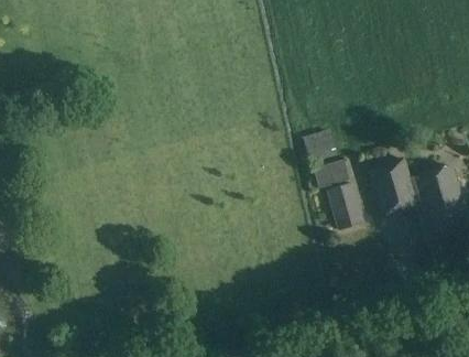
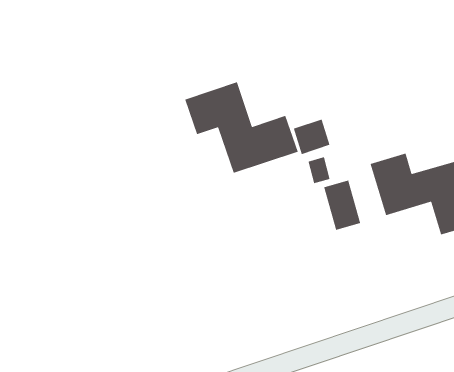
building: none -> [184,81,299,174]

